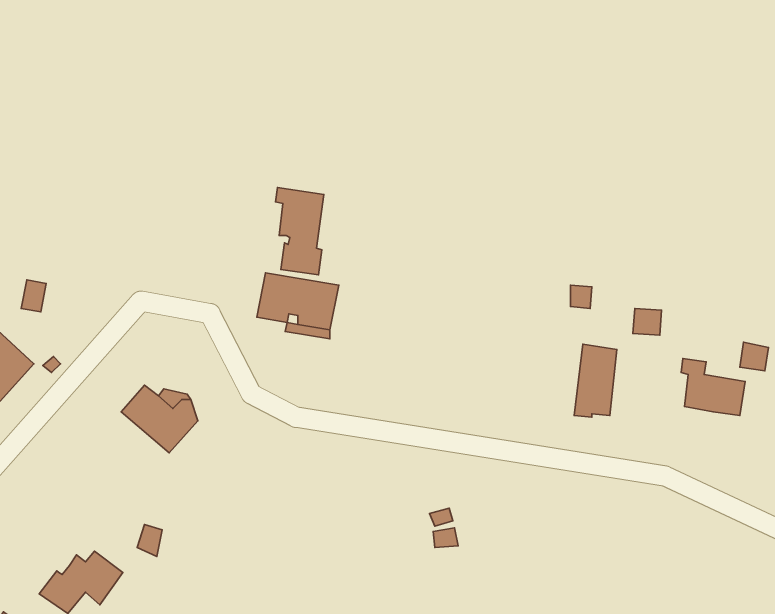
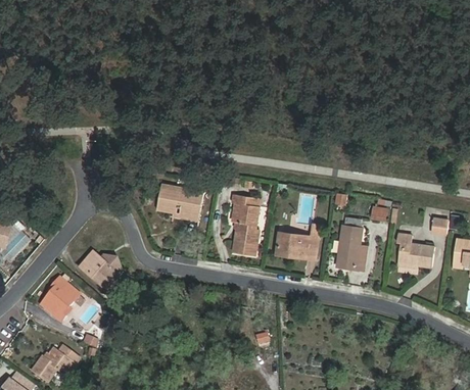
building: [276,187,324,275] -> [231,194,259,244]
building: none -> [278,225,319,258]
building: none -> [42,278,80,323]

